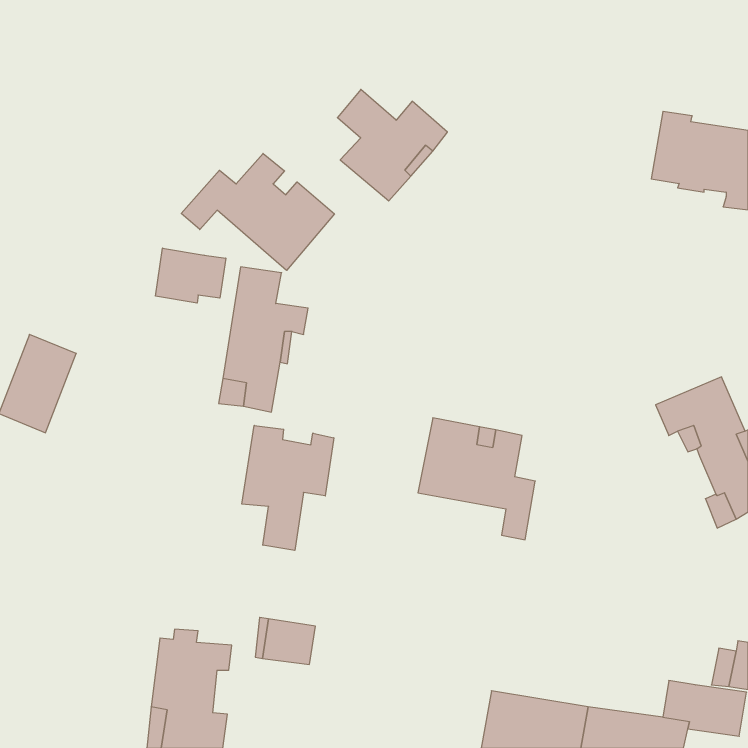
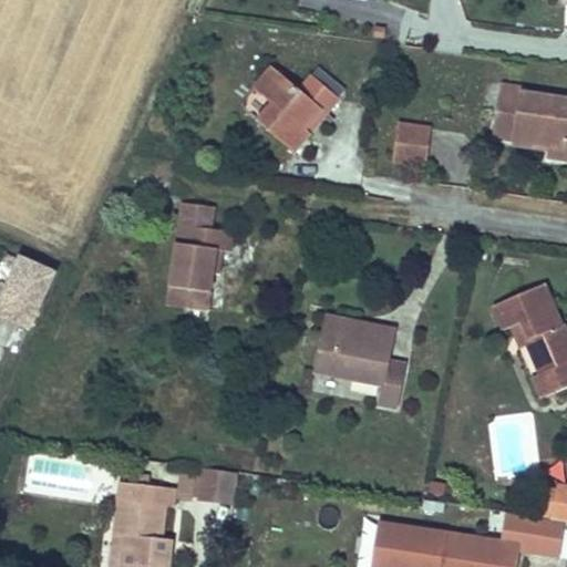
building: [181,153,334,270] -> none
building: none -> [393,123,432,161]
building: [156,248,226,303] -> none
building: [242,425,334,550] -> none

